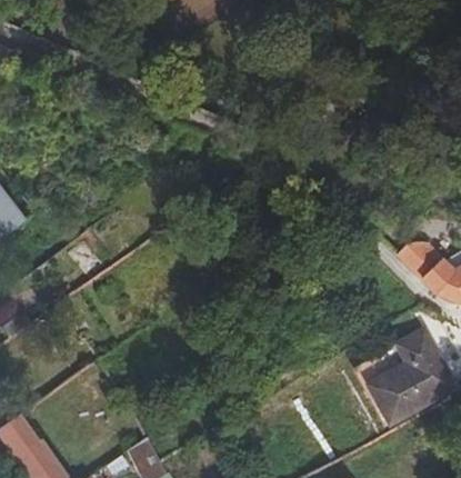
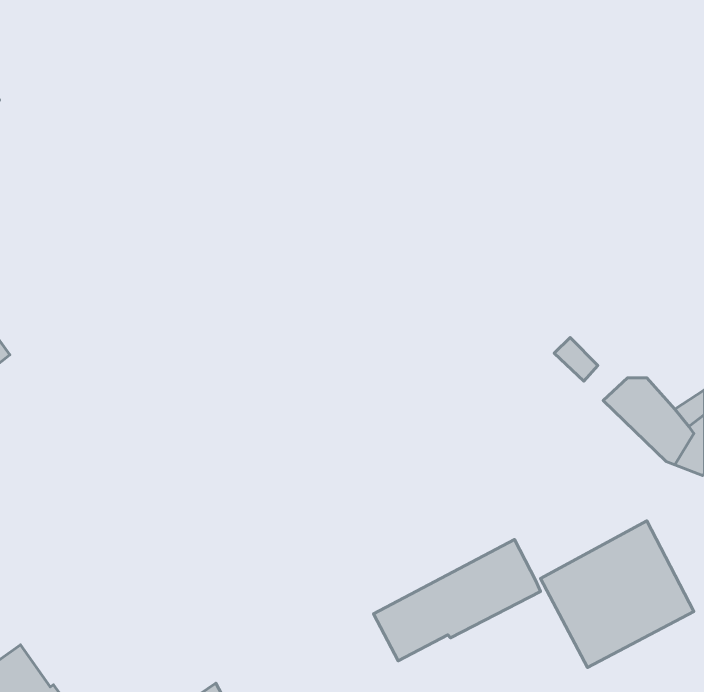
building: none -> [373,539,541,661]

